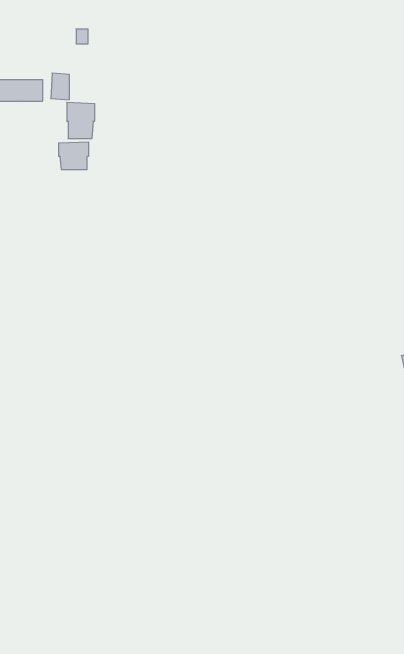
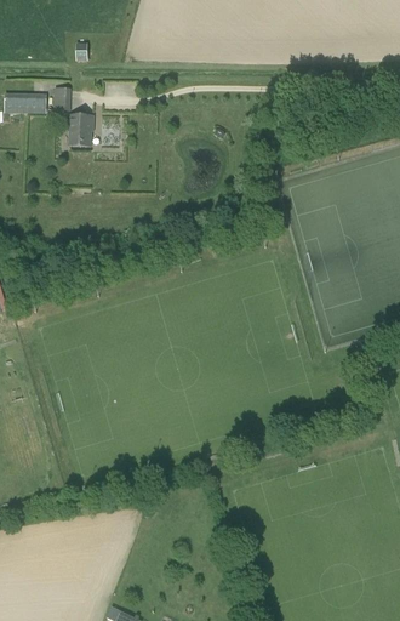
building: [59,142,88,170] -> none

